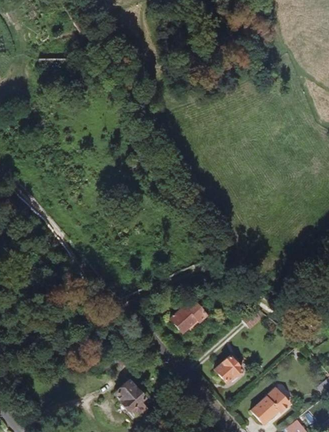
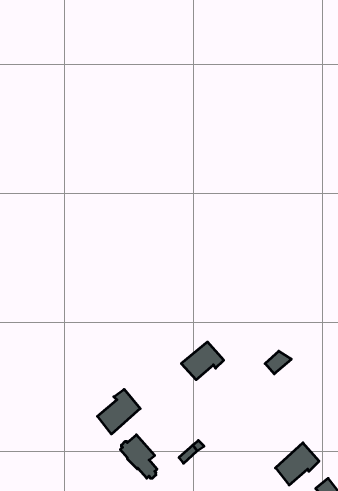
building: none -> [97,389,140,434]
building: [214,356,242,384] -> none

